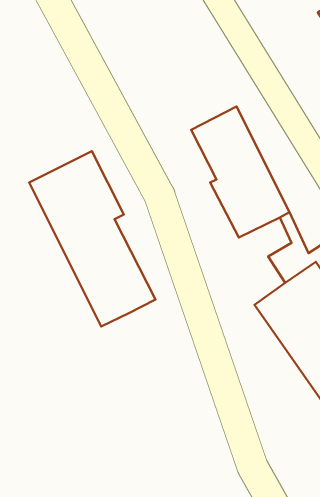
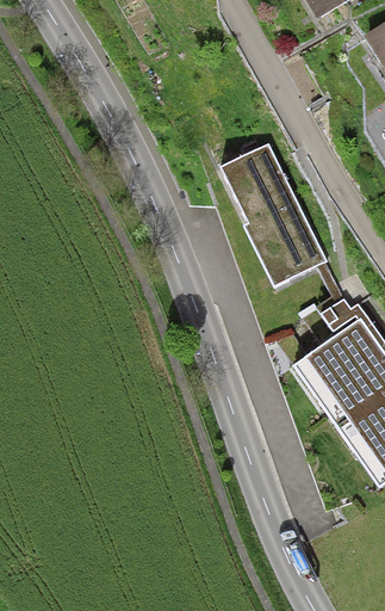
building: [29,151,156,326] -> none

